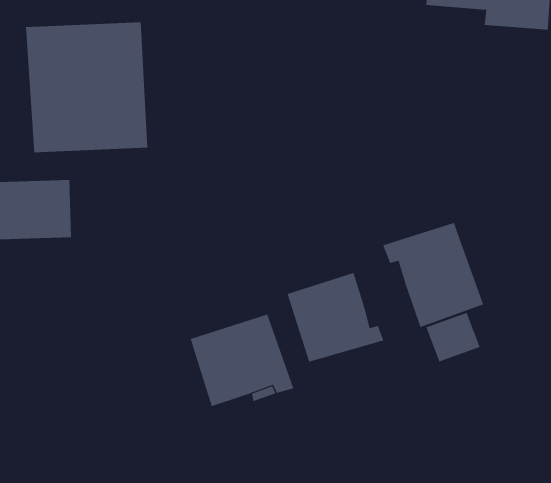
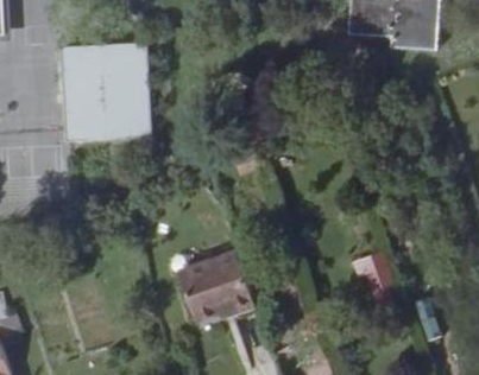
building: [382,222,484,328] -> none
building: [287,272,384,363] -> none

